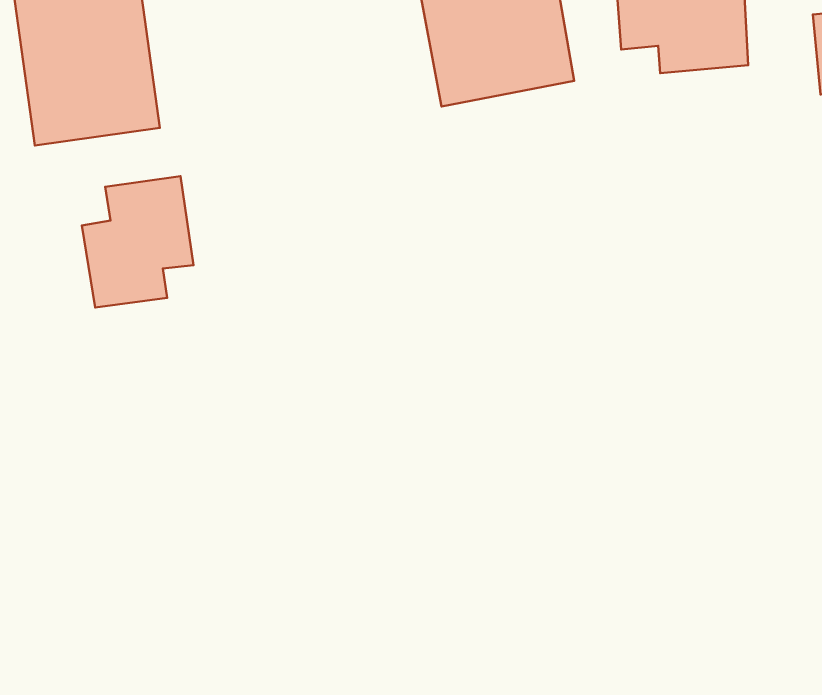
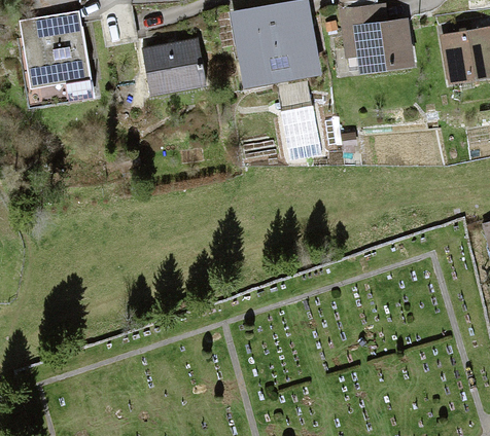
building: none -> [143,34,208,102]
building: [82,176,194,308] -> none

